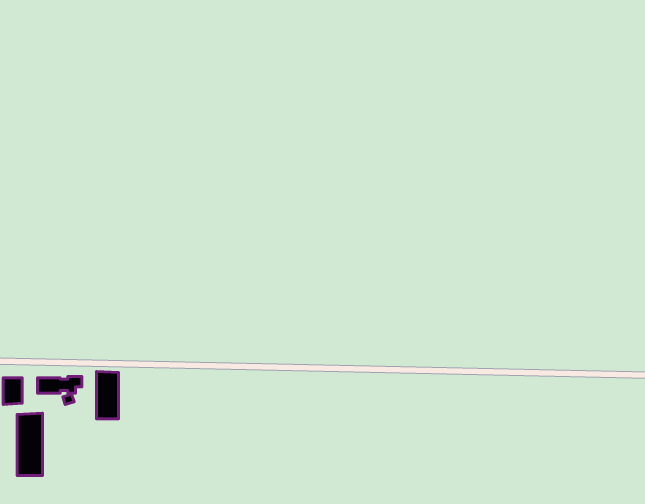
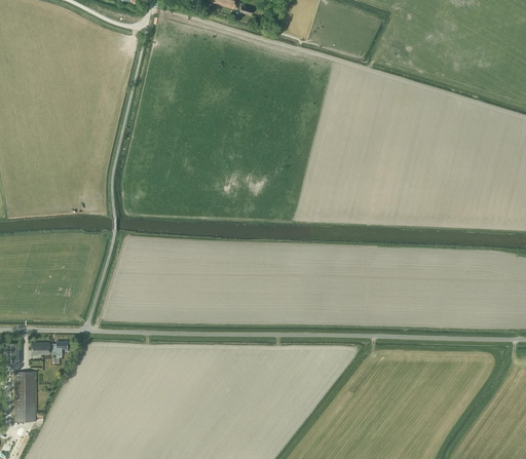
building: [97,371,118,419] -> none

